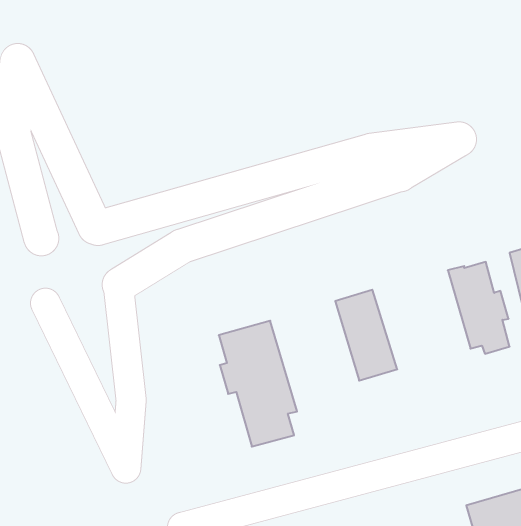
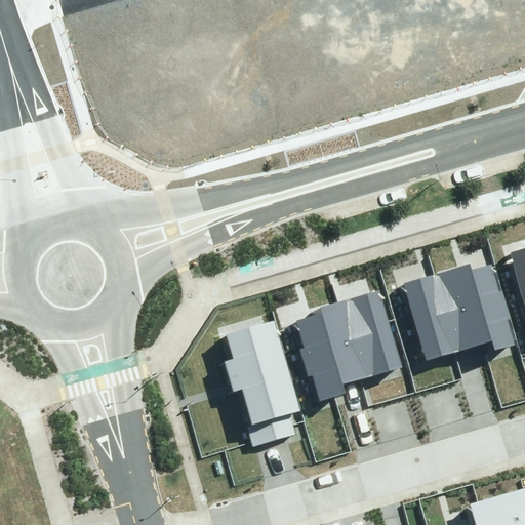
building: none -> [404,270,474,361]
building: none -> [294,300,363,402]

